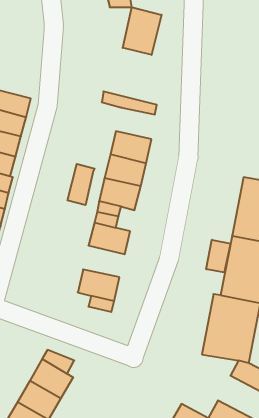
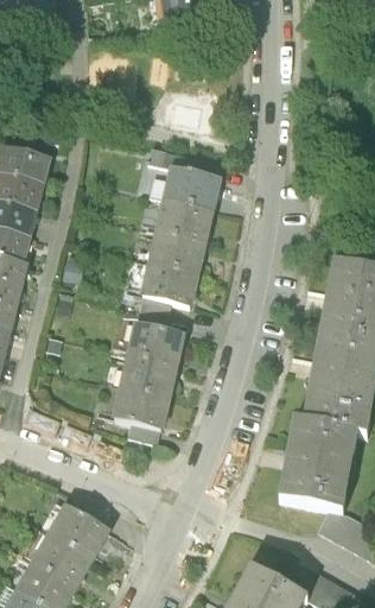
building: [123,7,162,55] -> none
building: none -> [163,170,217,213]
building: [68,164,95,205] -> none
building: [206,240,231,273] -> none
building: none -> [119,355,174,398]

